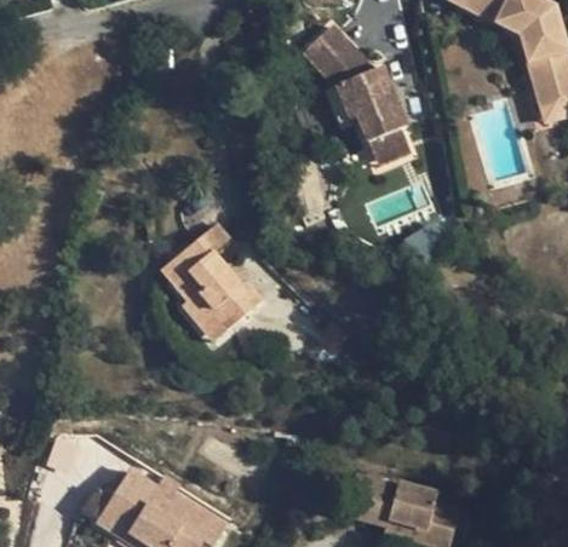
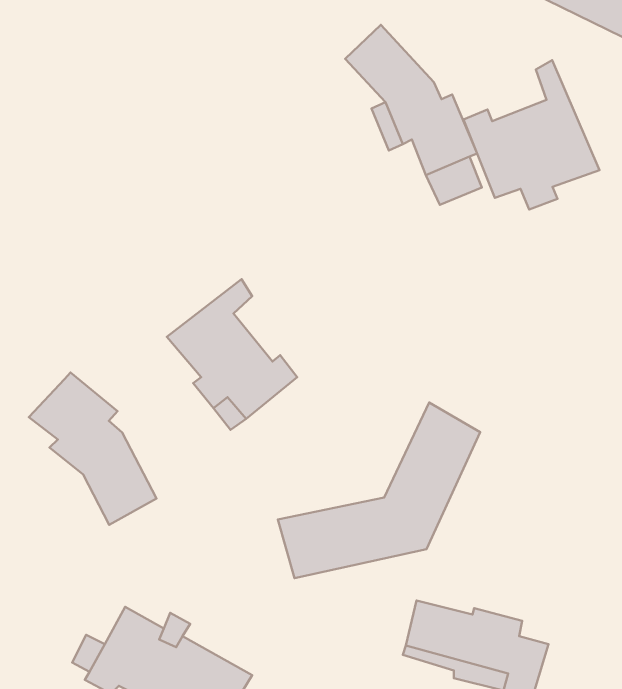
building: none -> [463,60,599,210]
building: none -> [29,372,156,525]
building: none -> [278,403,480,578]

